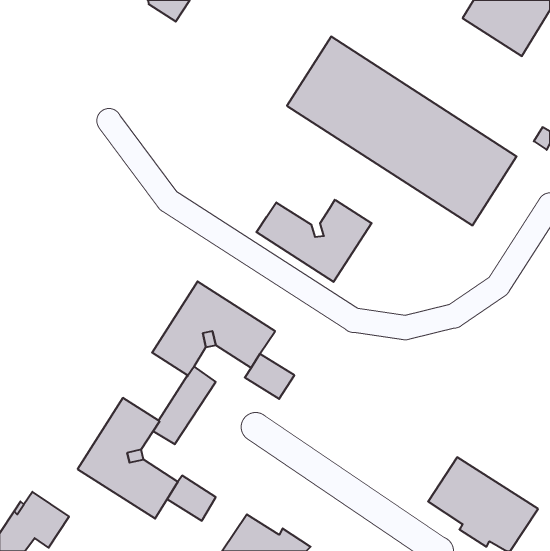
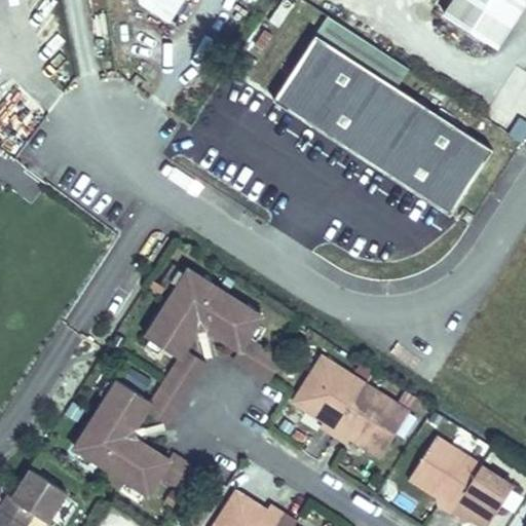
building: none -> [315,16,406,85]
building: [256,200,372,282] -> none
building: none -> [292,354,409,457]

